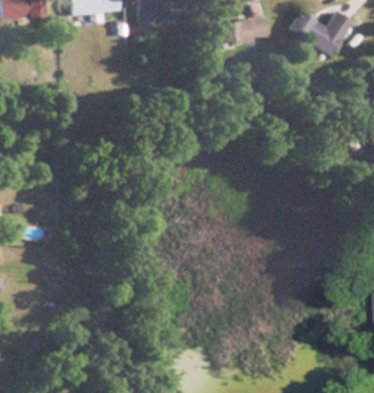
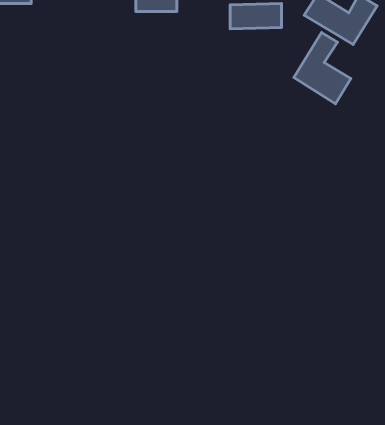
building: none -> [294,33,351,104]

